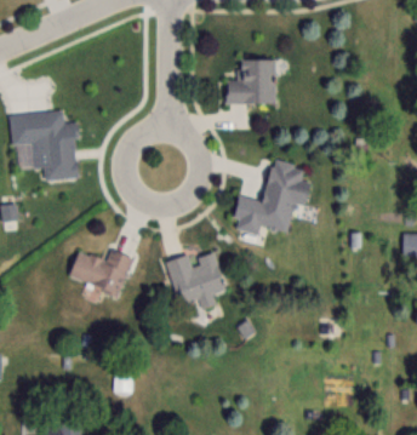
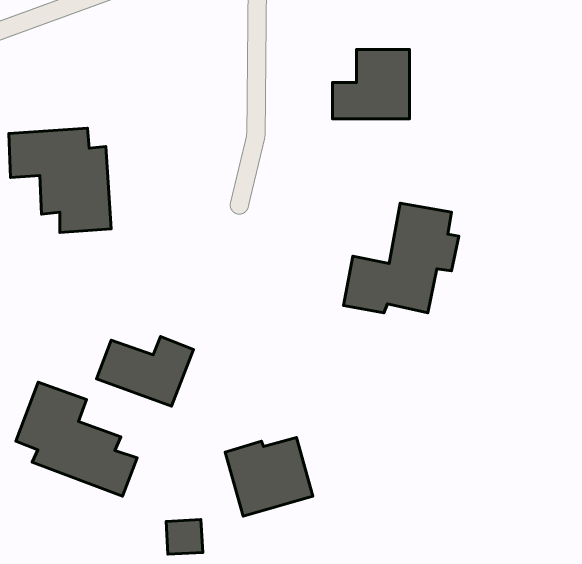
building: [167,252,225,304] -> [225,437,313,516]
building: none -> [16,382,137,496]

